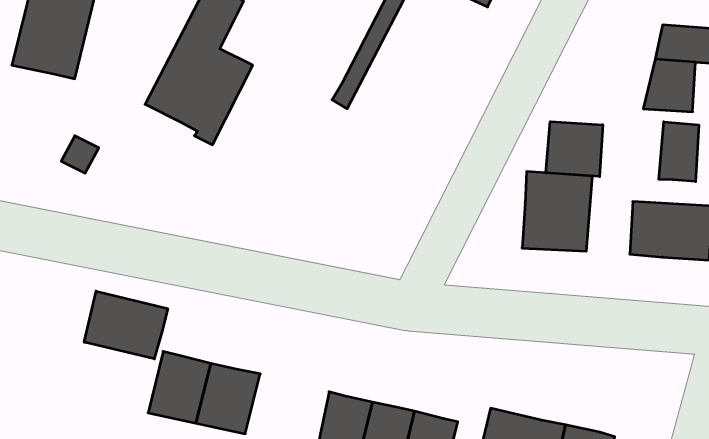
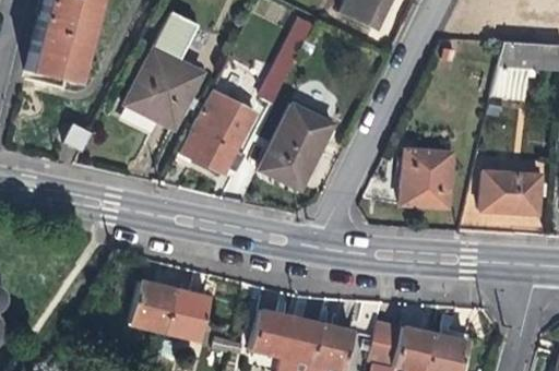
building: none -> [179,88,252,175]
building: none -> [260,103,335,190]
building: [546,122,603,177] -> none
building: [659,122,699,182] -> none
building: [84,291,168,359] -> none

